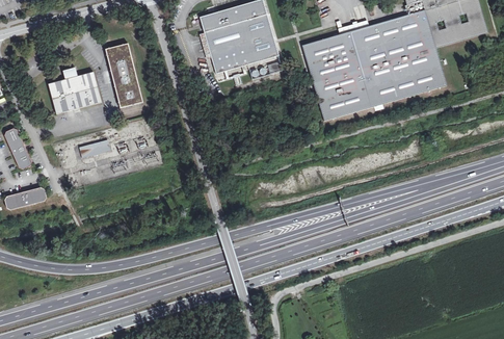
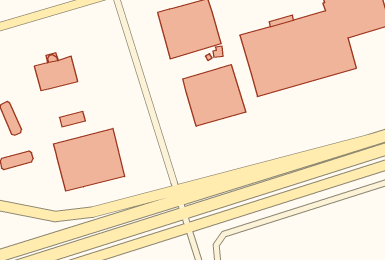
building: [104,44,140,108] -> none
building: none -> [183,65,246,126]
building: none -> [54,128,125,191]

